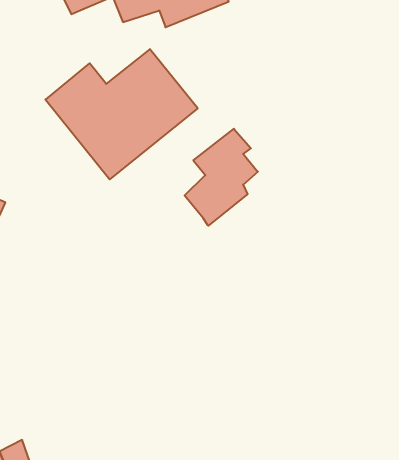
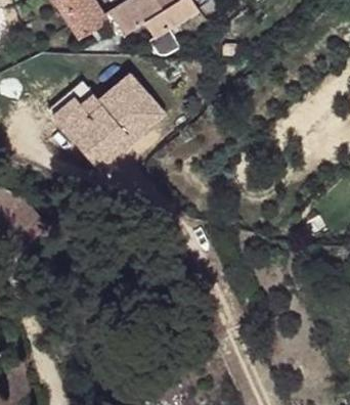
building: [185,129,258,226] -> none

